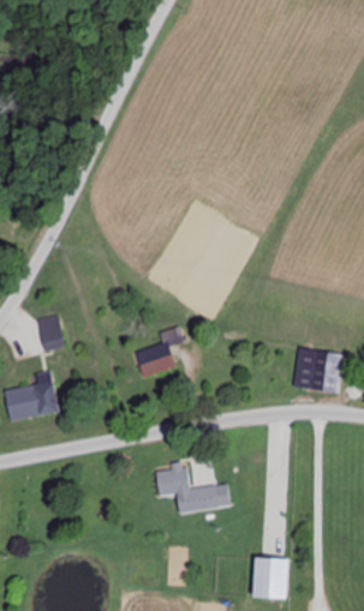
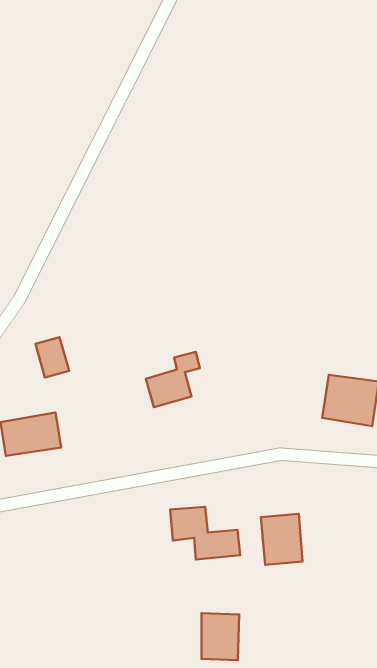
building: none -> [261,514,302,565]
building: [257,558,291,600] -> [201,613,239,660]

